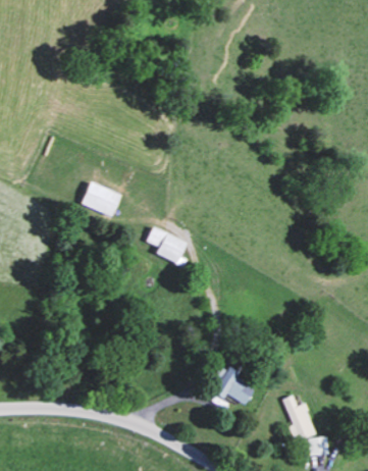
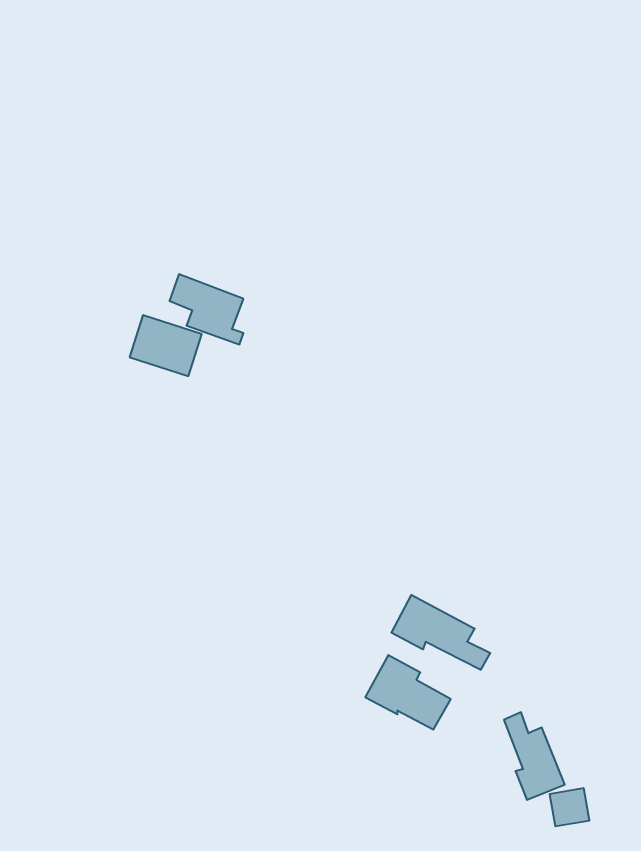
building: [148,227,188,265] -> [169,274,243,344]
building: none -> [391,595,490,670]

